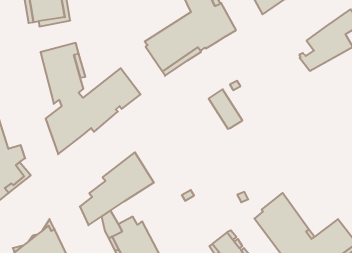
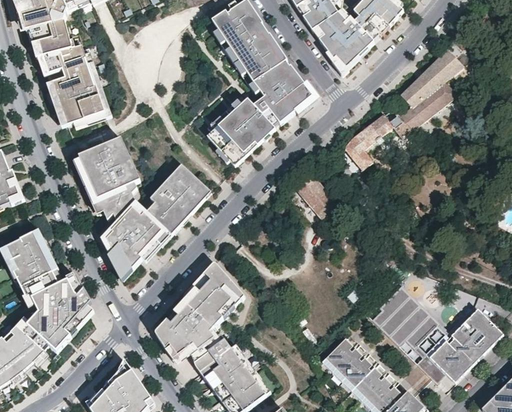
building: none -> [344,112,410,168]
building: none -> [196,323,224,352]

